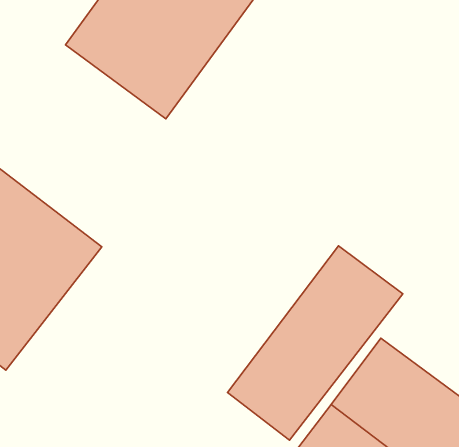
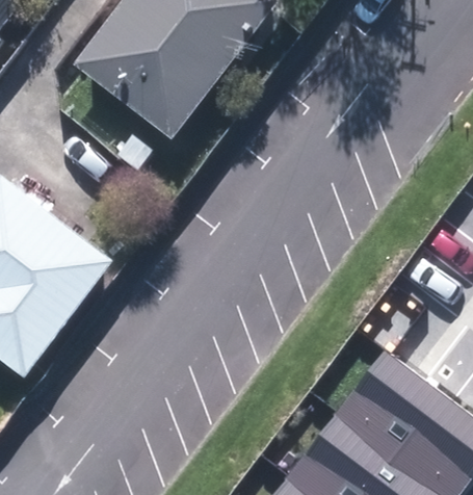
building: [227,246,403,440] -> none

